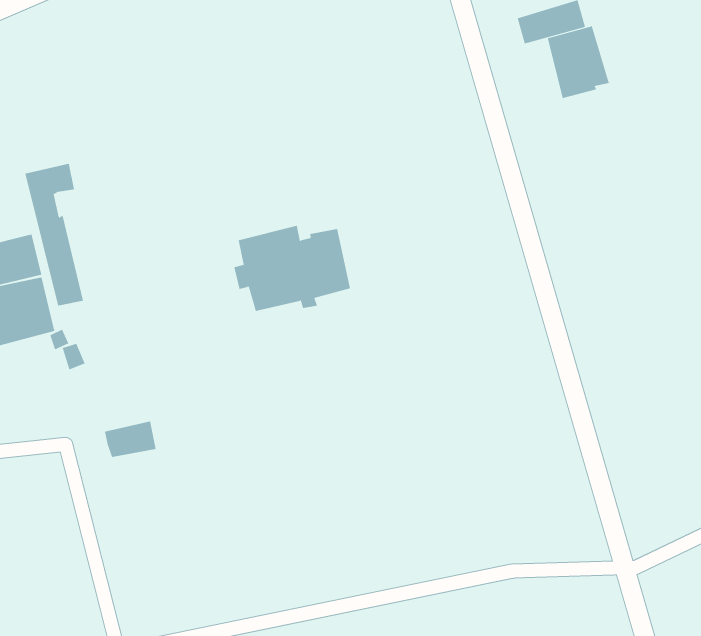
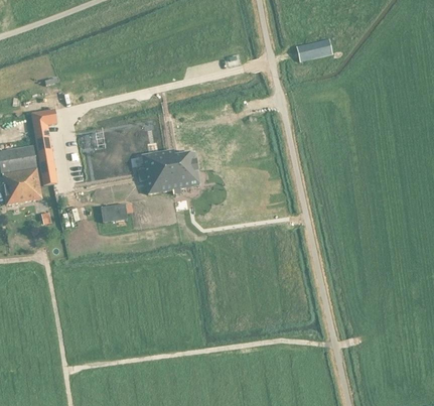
building: [547,25,610,99] -> none
building: [104,421,156,458] -> [100,204,127,222]

